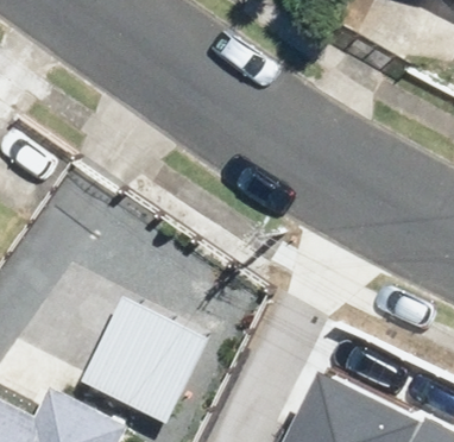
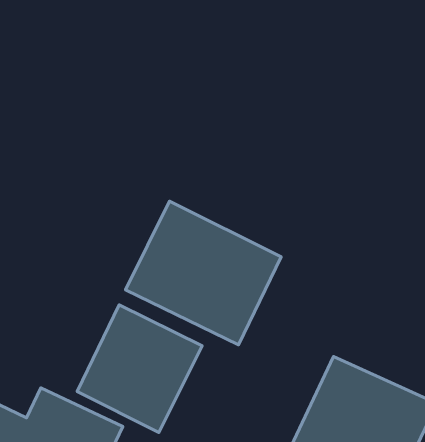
building: none -> [126,201,281,345]

